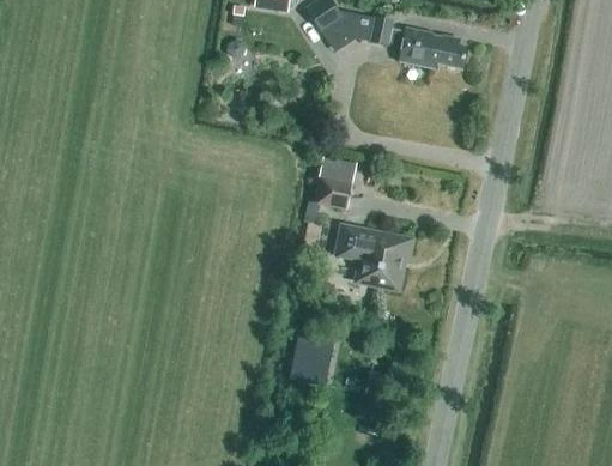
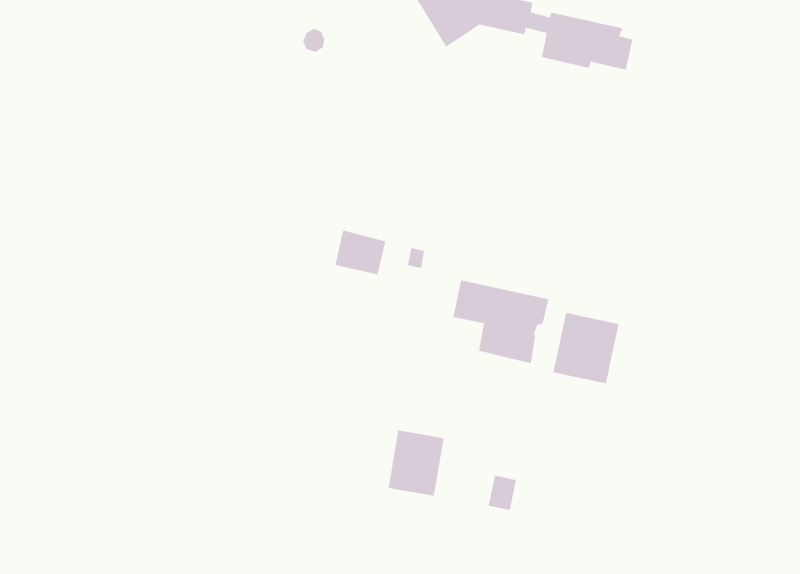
building: [315,174,353,207] -> [334,230,386,275]
building: none -> [553,312,619,384]

